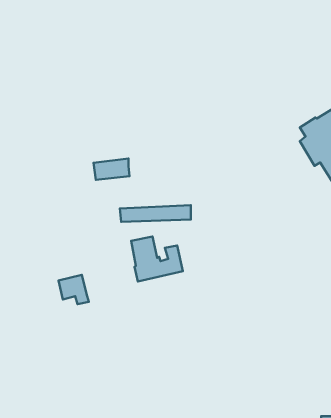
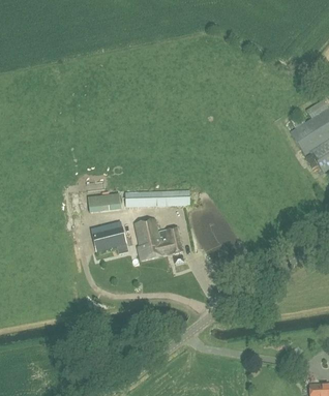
building: [94,158,130,180] -> [88,191,121,211]
building: [58,275,89,304] -> [101,226,129,253]

